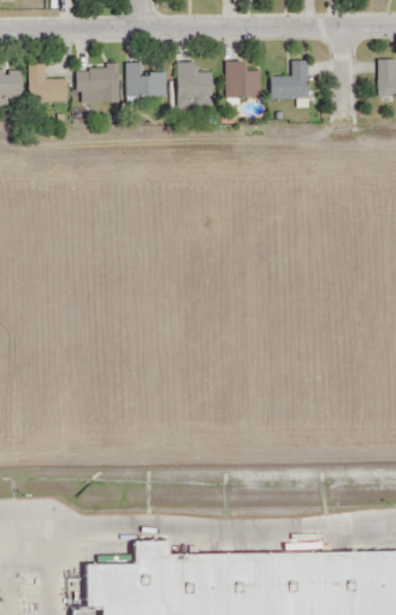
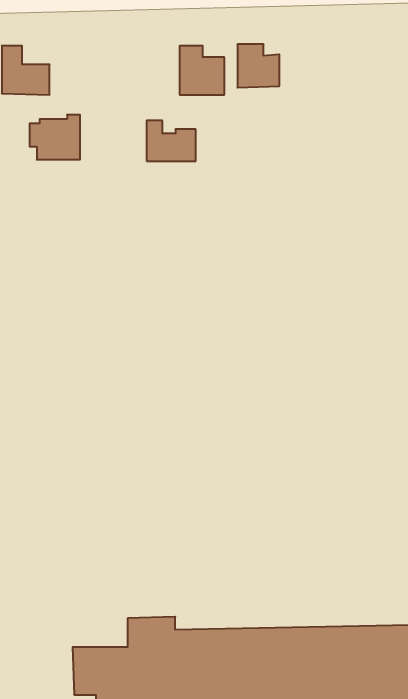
building: [271,63,306,100] -> none
building: [126,65,167,99] -> [147,121,196,161]
building: [76,66,118,104] -> [30,115,80,160]

